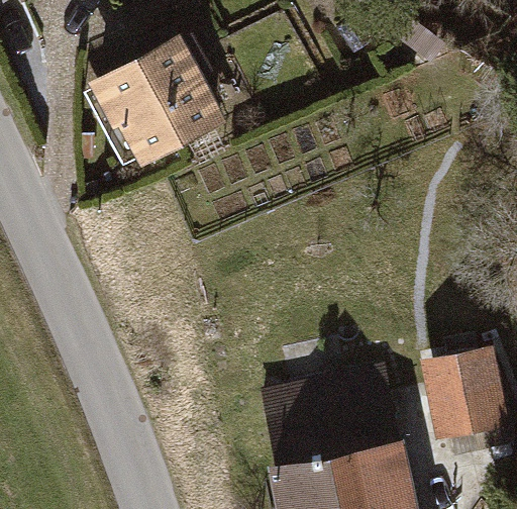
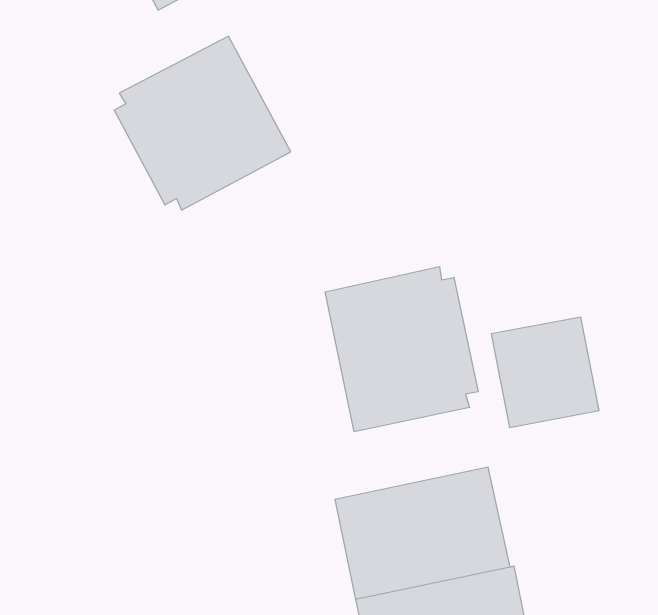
building: none -> [325,267,478,432]
building: [423,351,507,437] -> [491,317,599,427]

